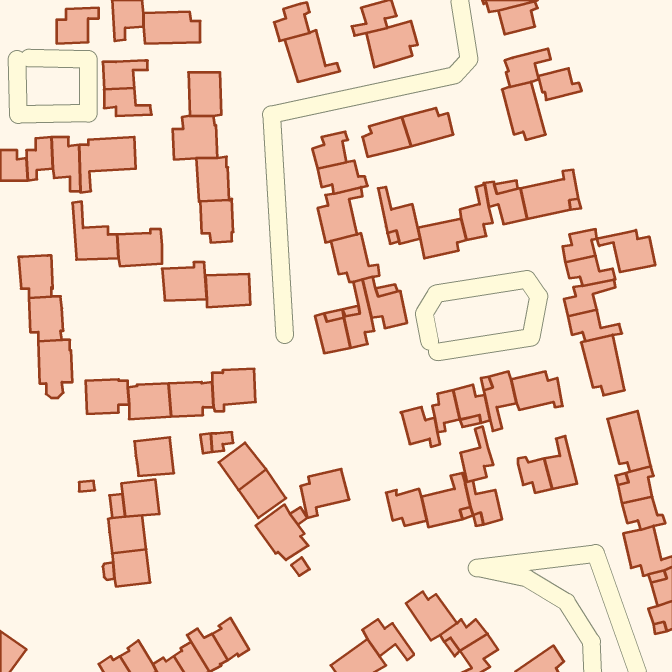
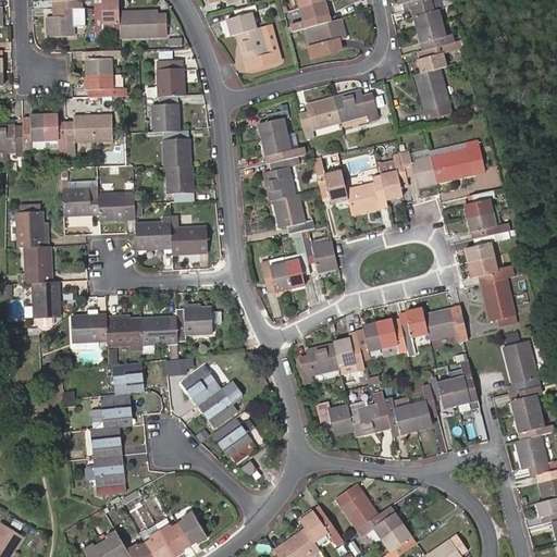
building: [538,68,582,100] -> [418,23,454,49]
building: [597,230,655,272] -> none
building: [460,427,493,482] -> [410,384,437,430]
building: [300,469,349,518] -> [299,343,339,383]

